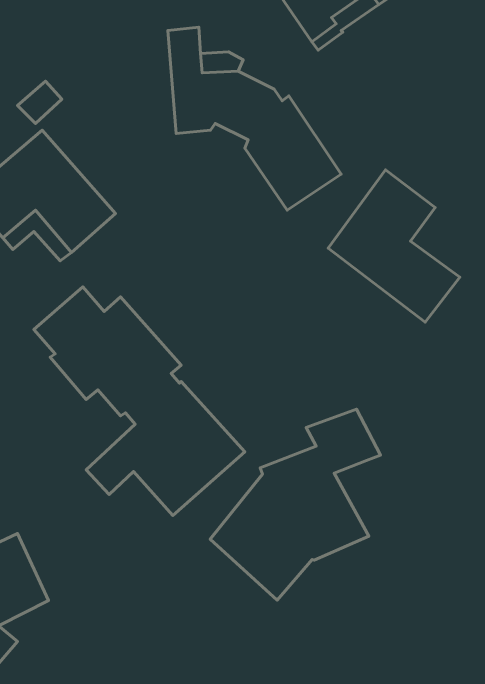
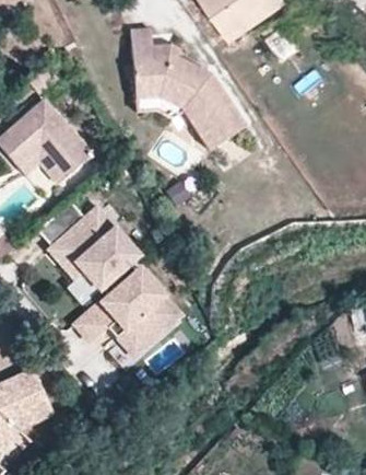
building: [328,170,460,322] -> none
building: [210,409,381,600] -> none

